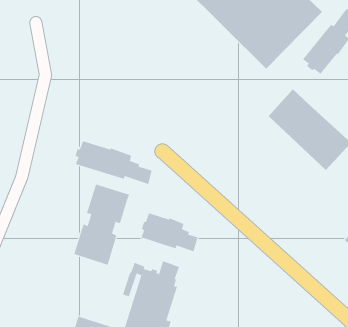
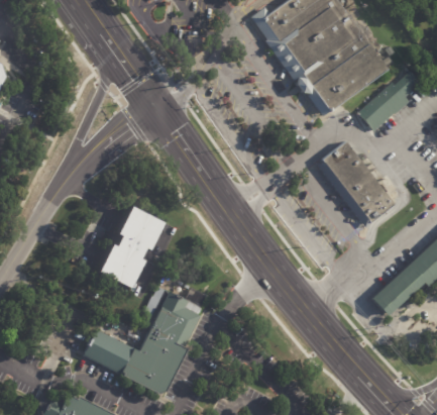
building: [75,140,152,185] -> none
building: [141,212,198,252] -> none

